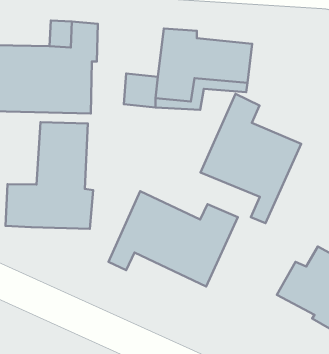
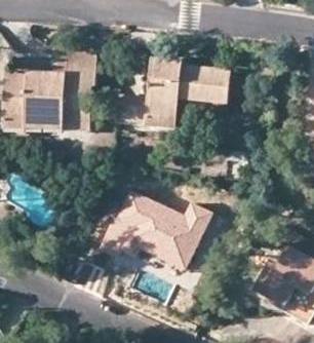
building: [201,94,301,223] -> none
building: [5,122,93,229] -> none

